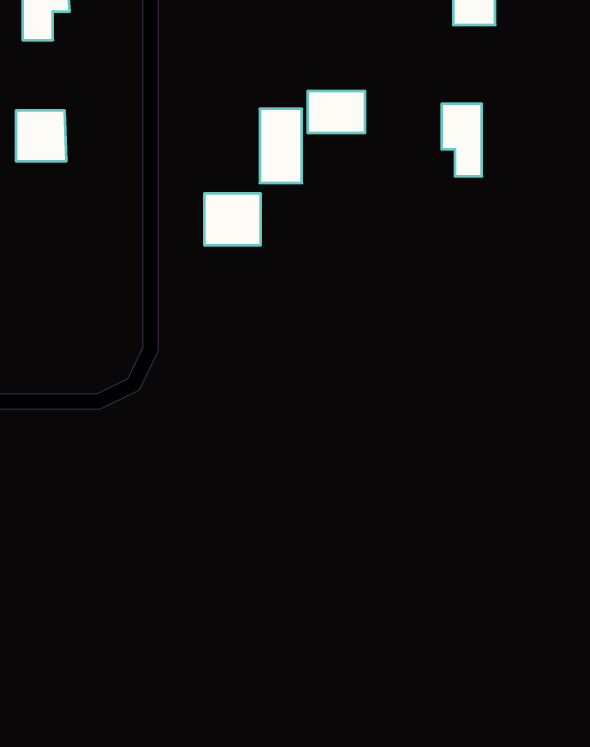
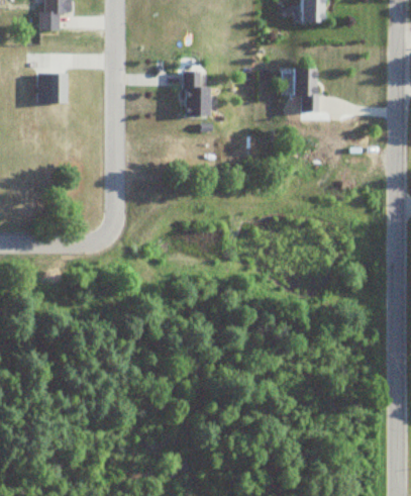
building: [308,91,365,133] -> none
building: [205,193,260,245] -> none

